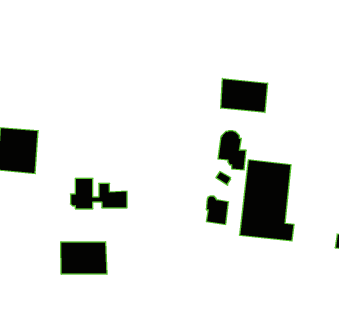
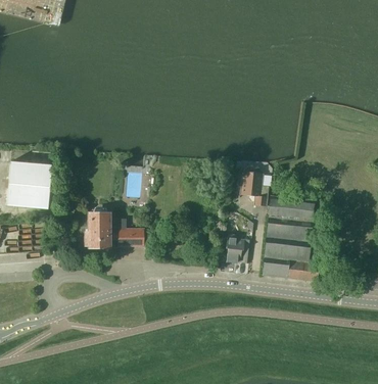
building: [221,78,268,113] -> none
building: [61,242,107,274] -> none

